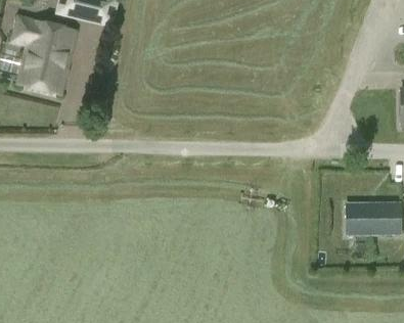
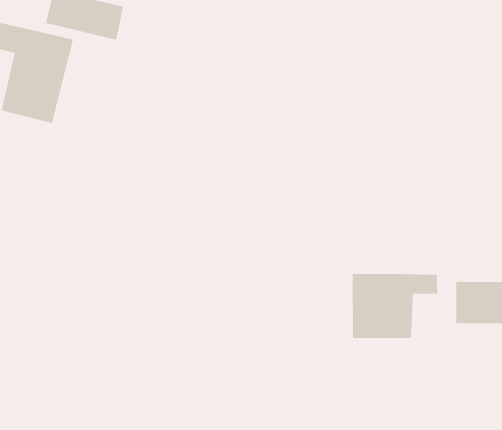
building: none -> [352,273,438,339]

